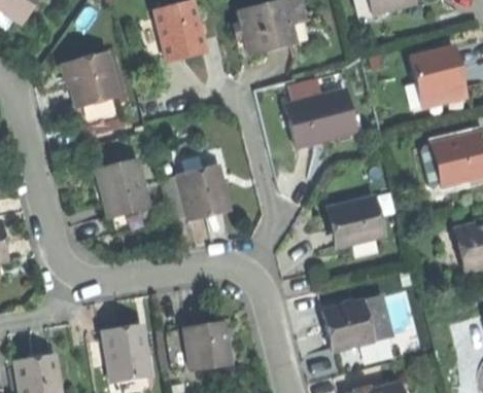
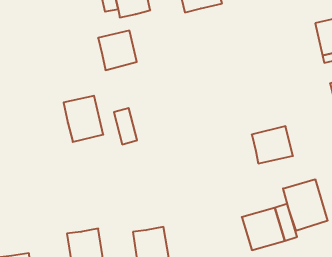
building: [68,53,116,103] -> [98,31,137,70]
building: [287,88,357,143] -> none
building: [180,163,229,213] -> none
building: none -> [283,179,328,231]

